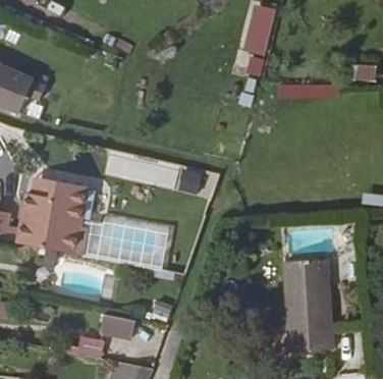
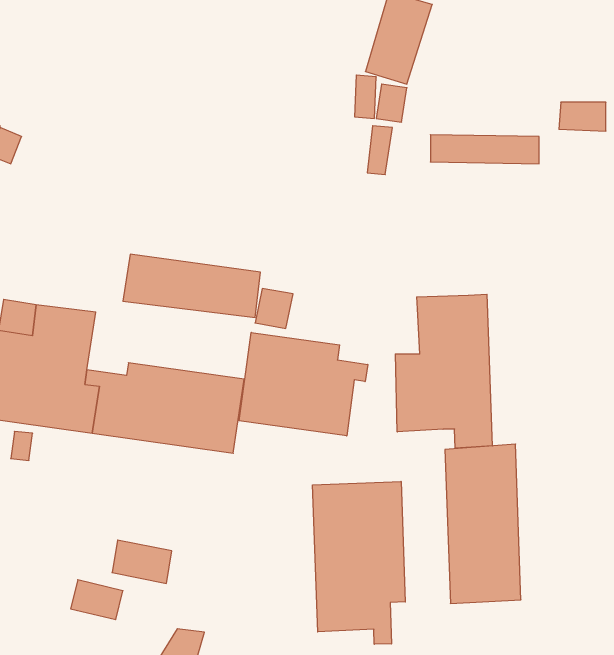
building: none -> [395,294,492,448]
building: none -> [239,332,368,436]
building: none -> [313,481,405,644]

